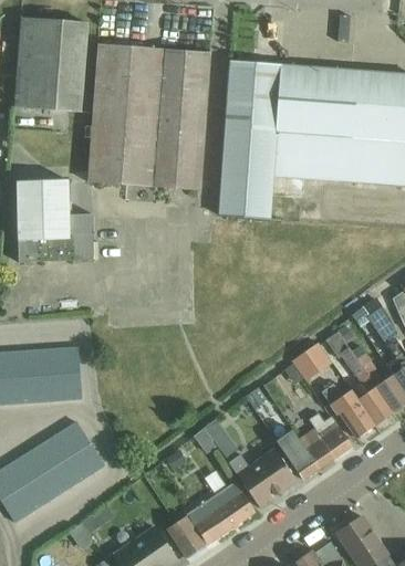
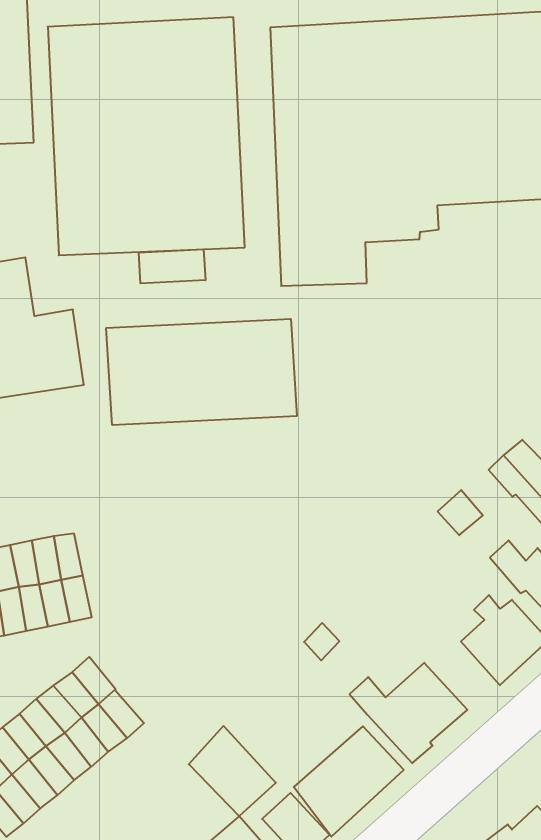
building: none -> [139,249,205,283]
building: none -> [106,319,297,425]
building: [277,431,318,479] -> none
building: none -> [189,726,276,816]

